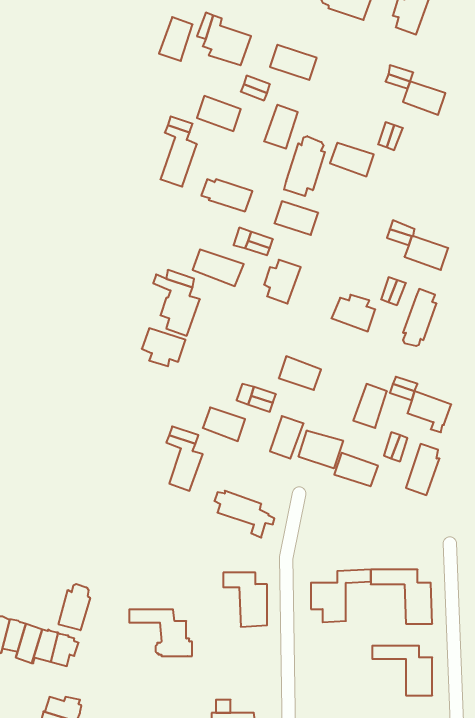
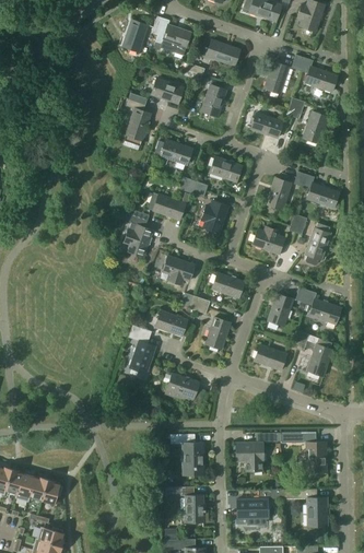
building: none -> [265,62,289,94]
building: [284,136,325,196] -> none
building: none -> [303,111,328,144]
building: none -> [266,178,291,211]
building: [142,328,186,366] -> [162,257,195,285]
building: [299,430,343,468] -> none
building: [59,584,90,630] -> none
building: [129,609,192,656] -> [161,487,208,522]
building: none -> [237,490,282,526]

